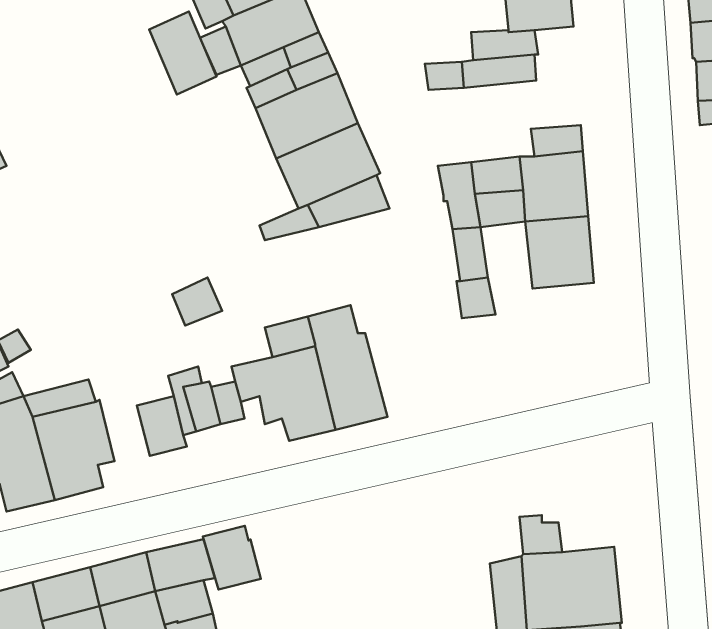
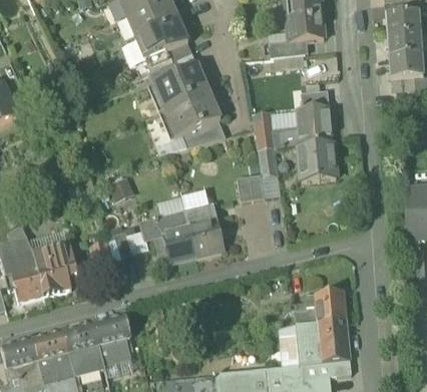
building: [149,12,217,95] -> none
building: none -> [238,173,265,201]
building: none -> [307,289,347,323]
building: [203,526,261,589] -> none

